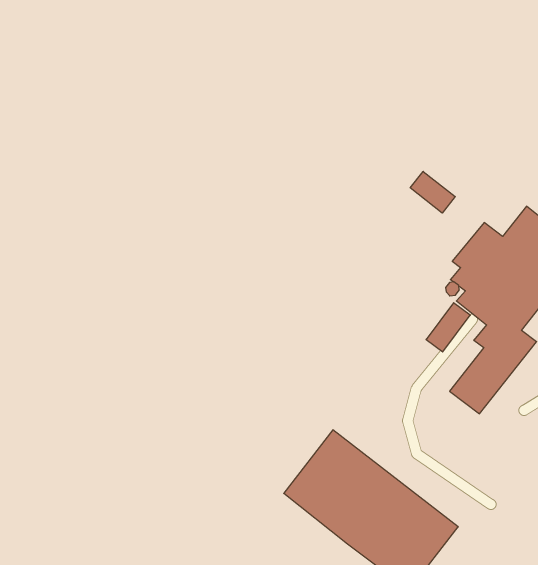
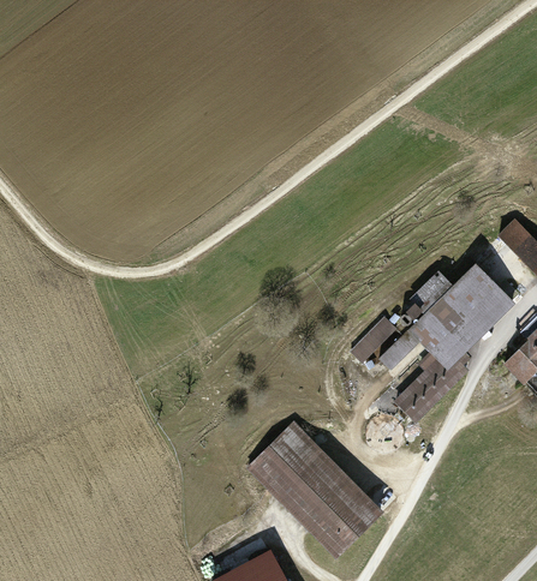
building: [410,171,455,213] -> none
building: none -> [348,315,398,363]

